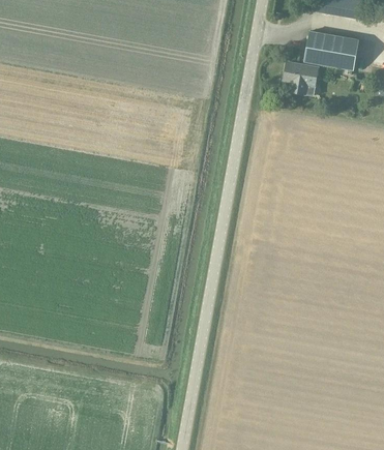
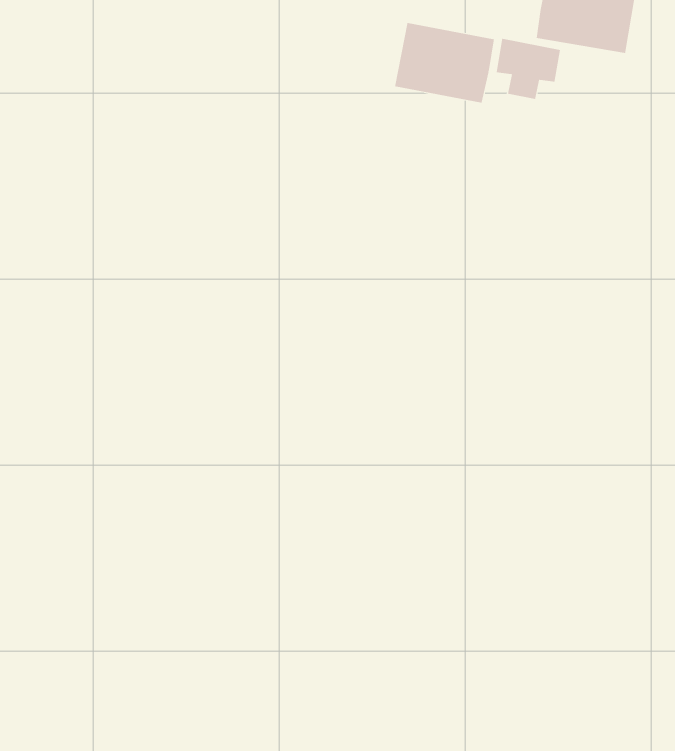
building: none -> [395,22,495,104]

